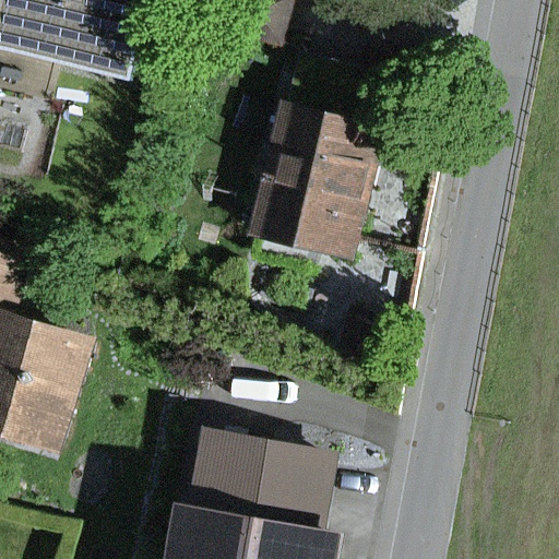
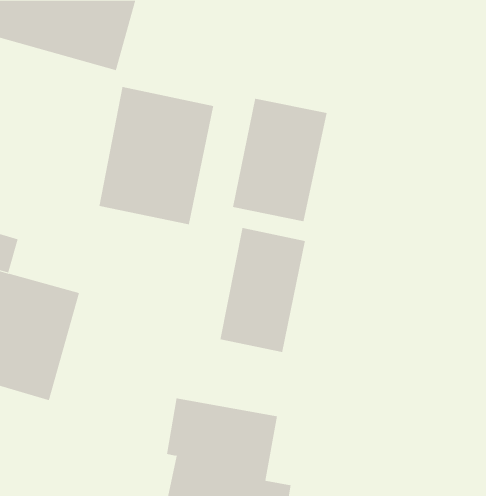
building: none -> [99,86,214,225]
building: none -> [220,227,305,353]

